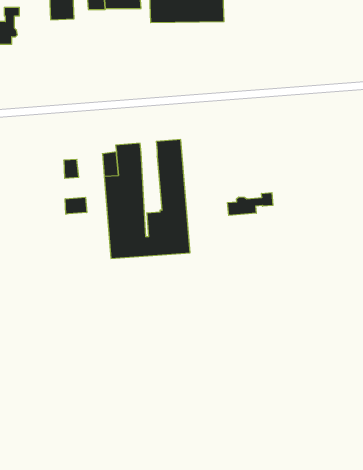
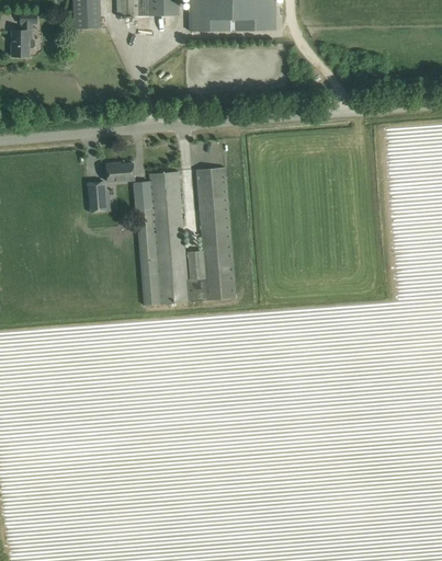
building: none -> [106,162,134,181]
building: [228,193,273,215] -> none
building: [65,197,87,214] -> none

